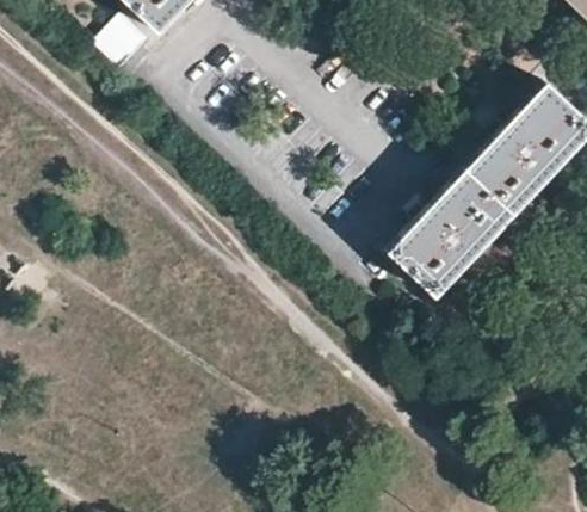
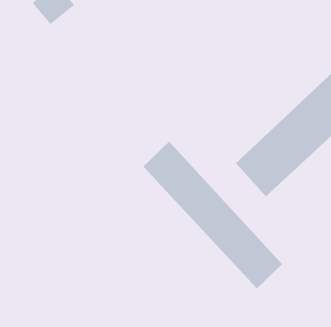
building: none -> [142,141,283,289]

